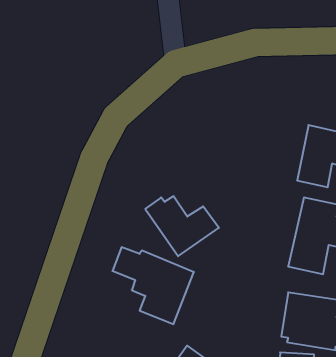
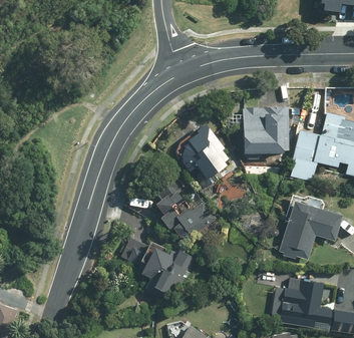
building: none -> [241,109,292,154]
building: none -> [178,123,233,179]

